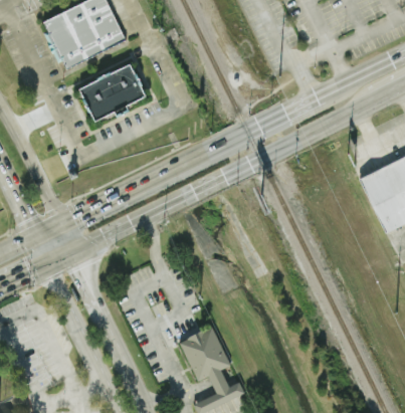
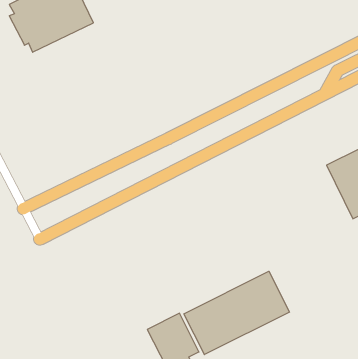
building: [81,64,147,121] -> none
building: none -> [184,271,289,355]

